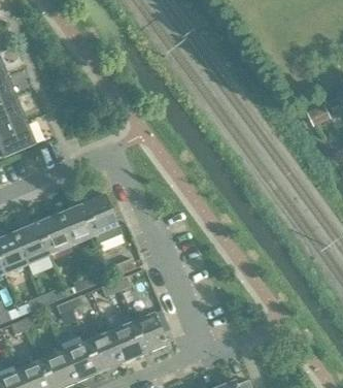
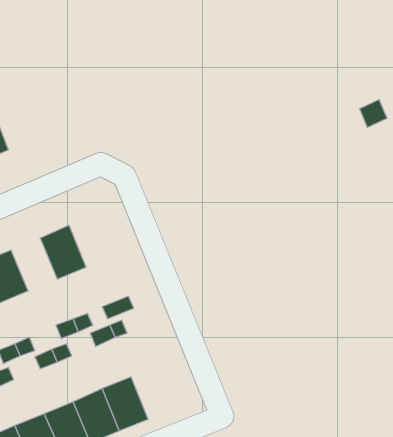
building: [82,192,118,234] -> none
building: [37,212,73,253] -> none
building: [131,311,167,353] -> none

